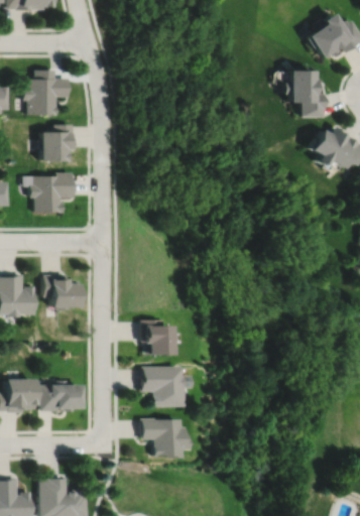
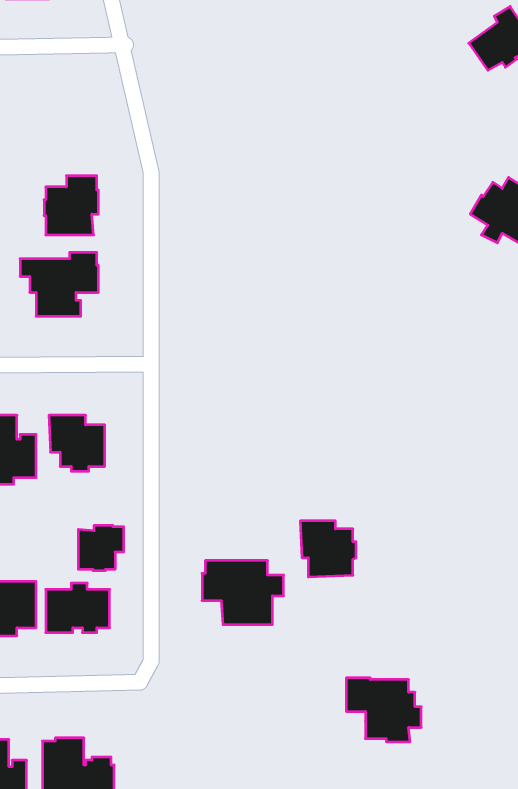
building: [284,69,325,117] -> none
building: [24,70,69,115] -> none
building: [140,320,175,356] -> [300,521,356,577]
building: none -> [78,525,124,571]
building: [141,419,189,460] -> [346,678,421,742]

